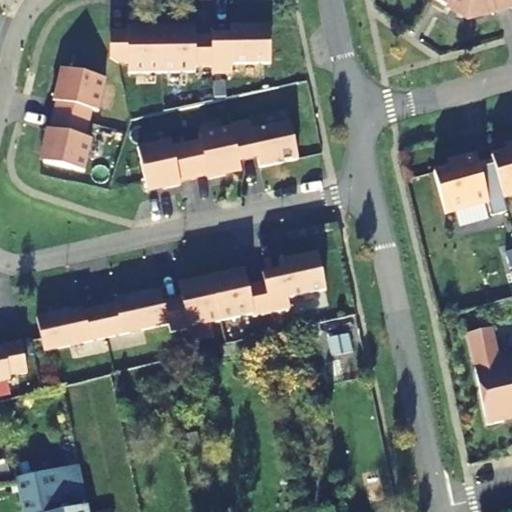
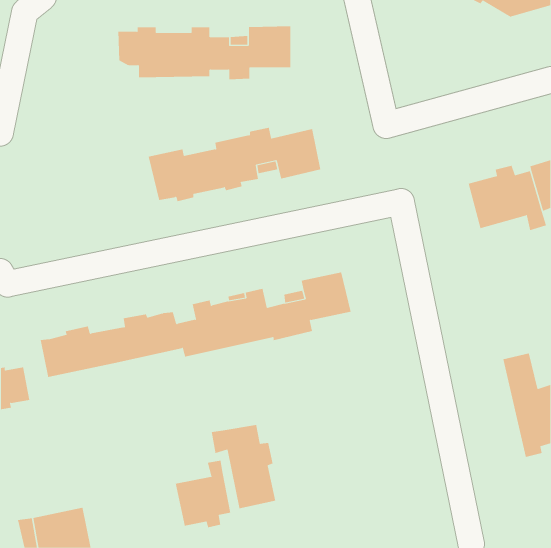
building: [43,67,106,170] -> none
building: none -> [211,424,276,509]
building: none -> [175,460,231,528]

